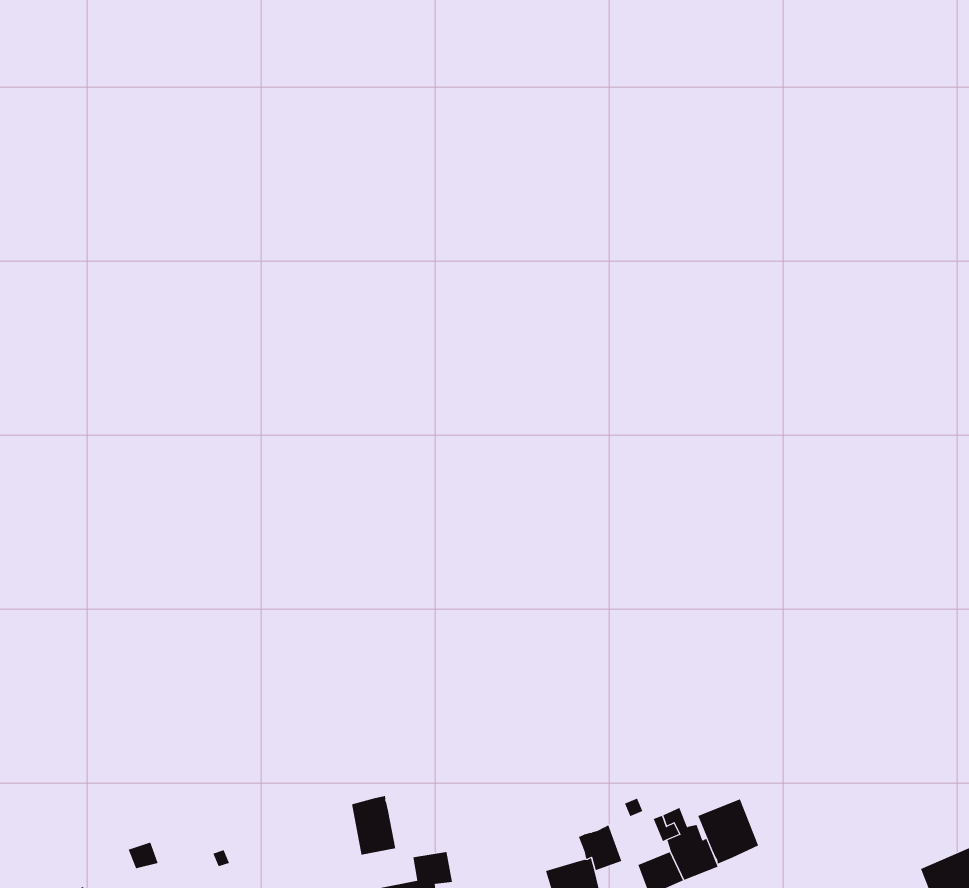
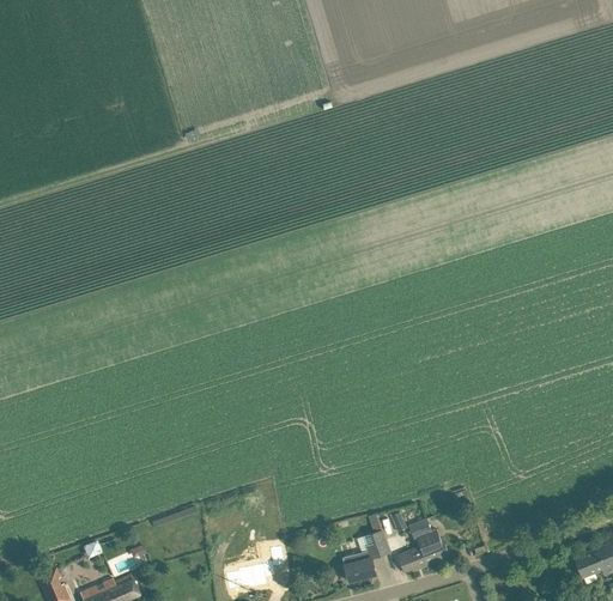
building: [352,795,396,855] -> none
building: [698,798,759,864] -> none

